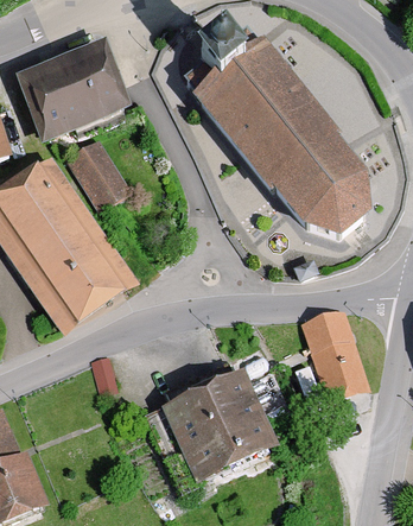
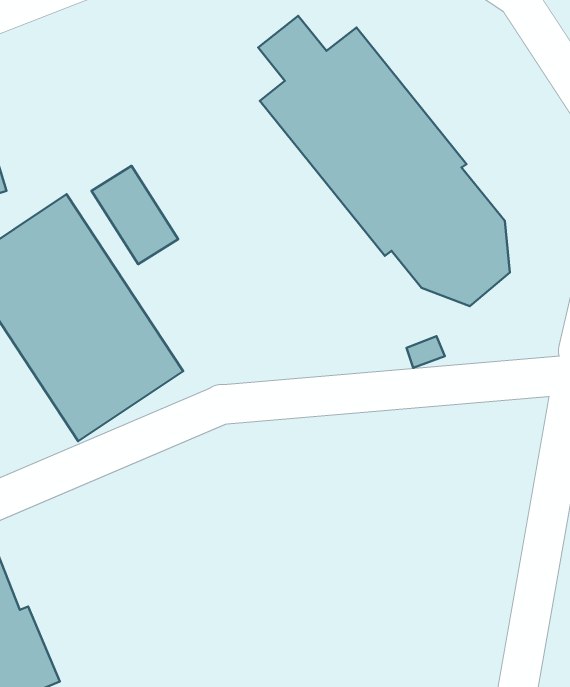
building: [17,43,126,139] -> none
building: [303,308,370,401] -> none
building: [161,370,274,479] -> none

